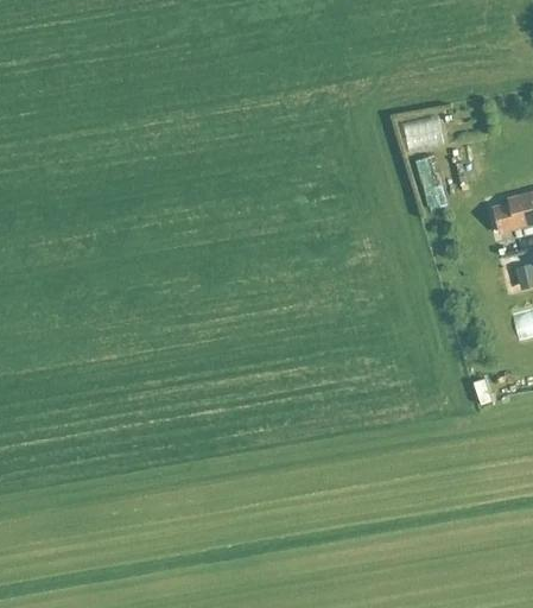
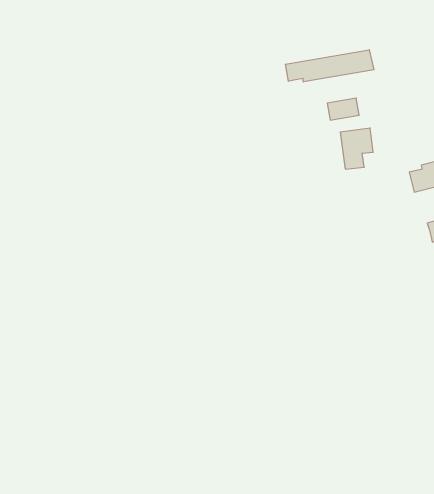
building: none -> [285,50,374,82]

